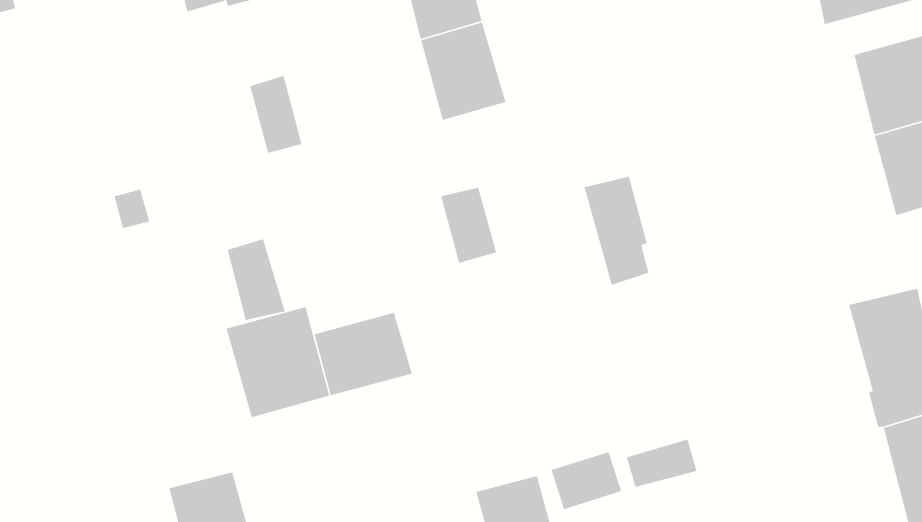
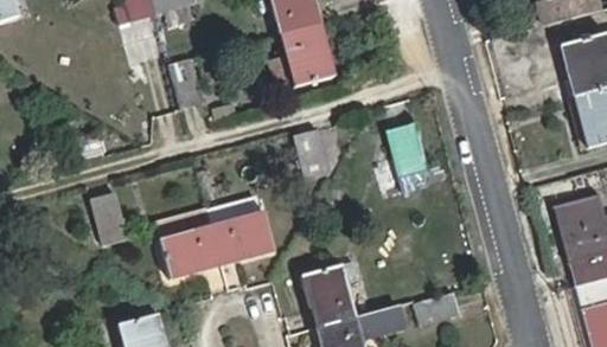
building: [227,238,286,321] -> [90,191,128,244]
building: none -> [301,261,359,326]

